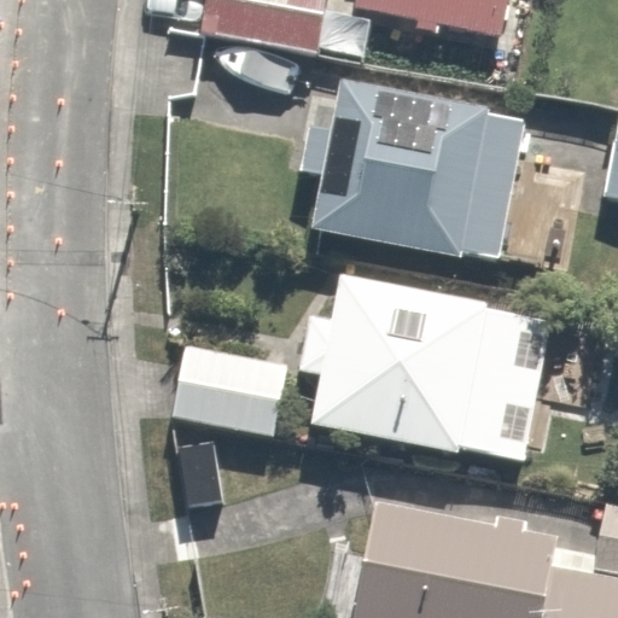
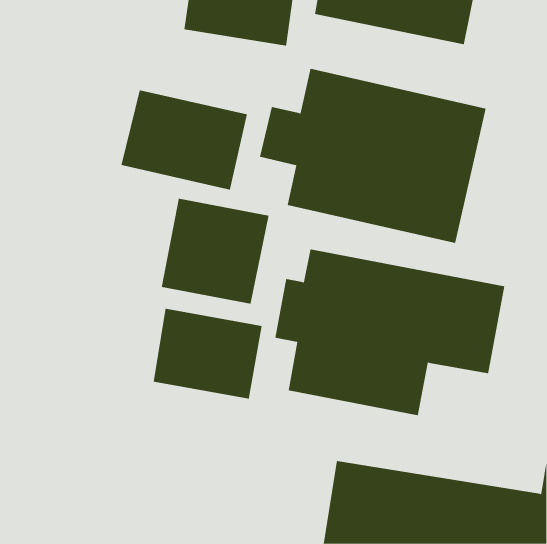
building: none -> [121,89,248,190]
building: none -> [161,198,269,304]

